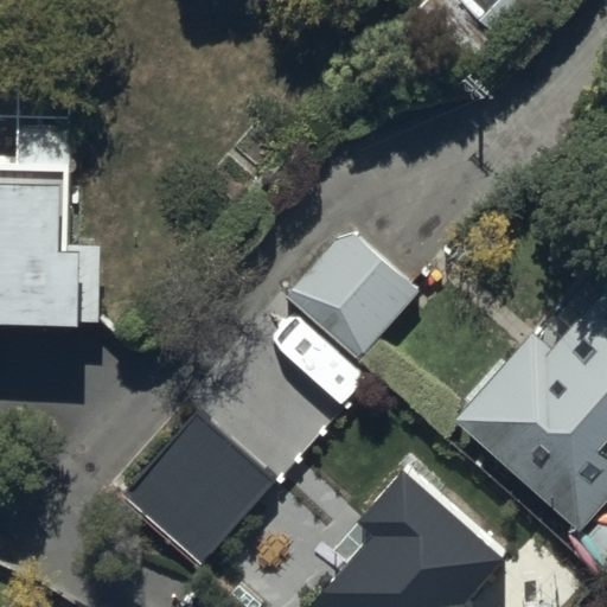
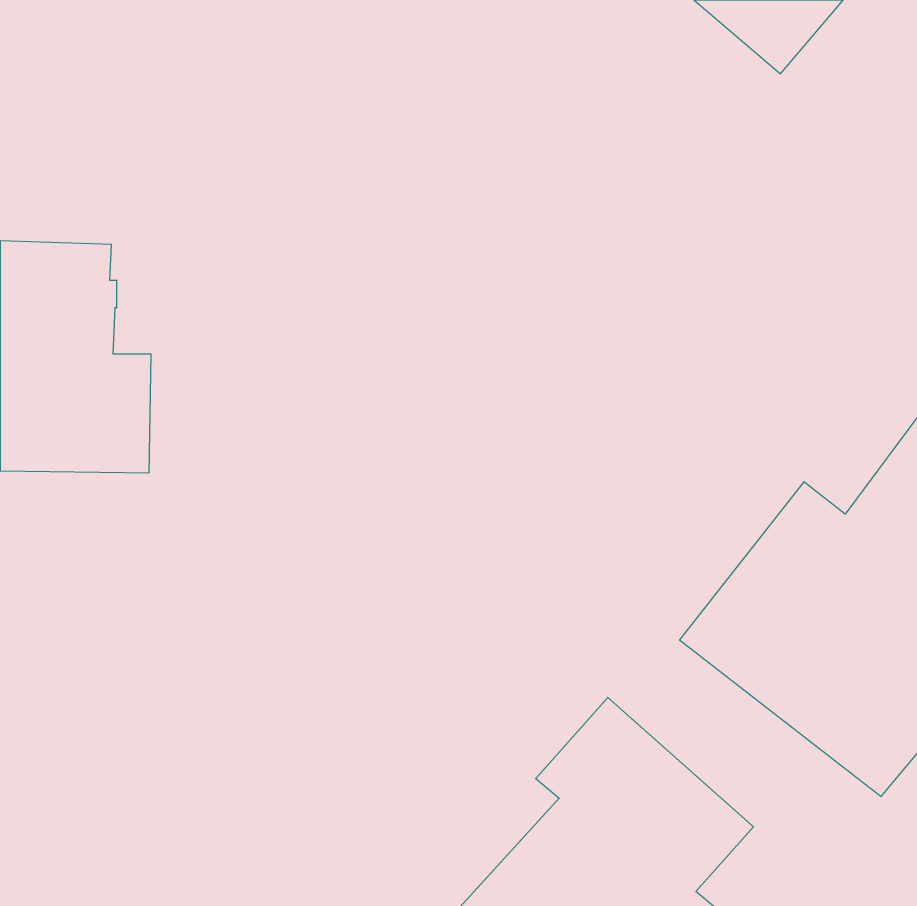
building: [283,229,422,366] -> none
building: [123,411,276,564] -> none

